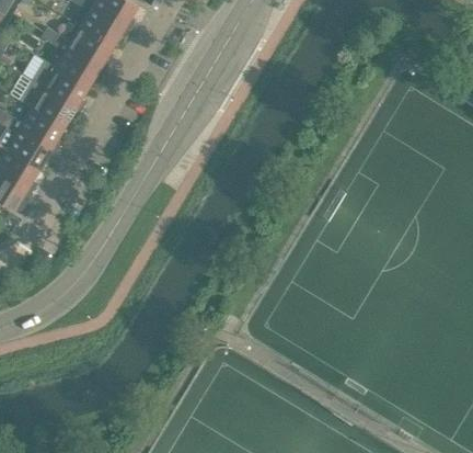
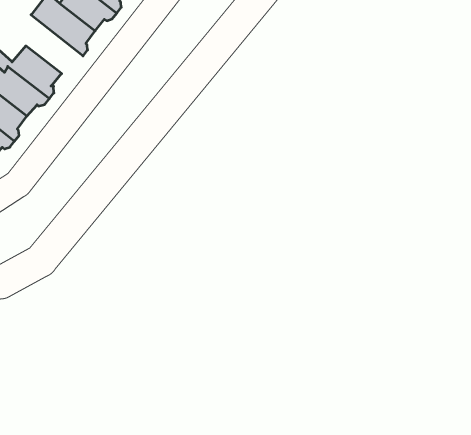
building: [18,80,80,127] -> none

